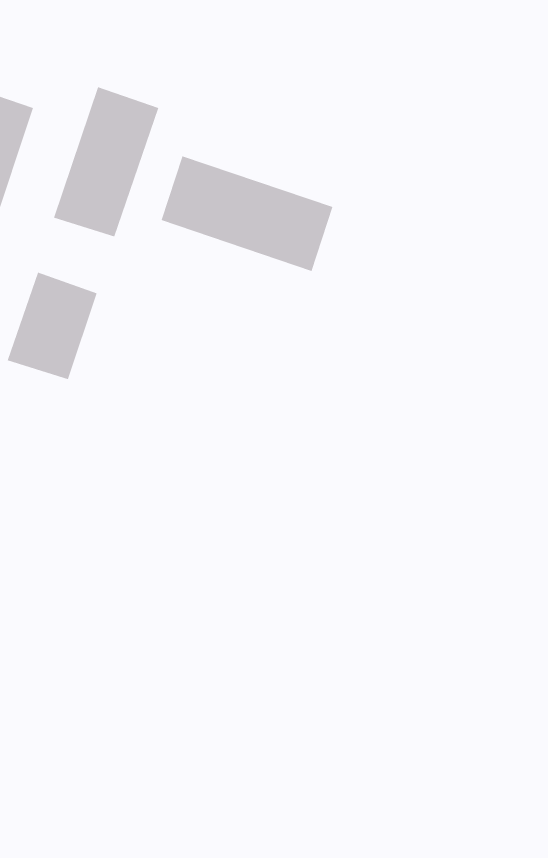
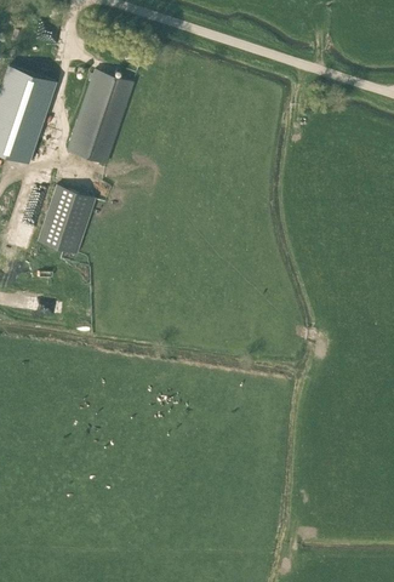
building: [161,155,333,272] -> none

